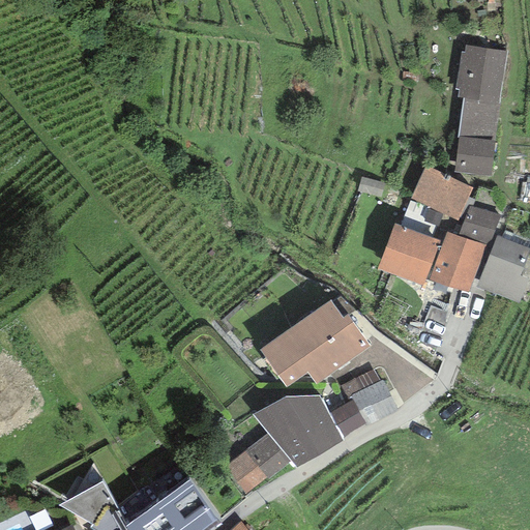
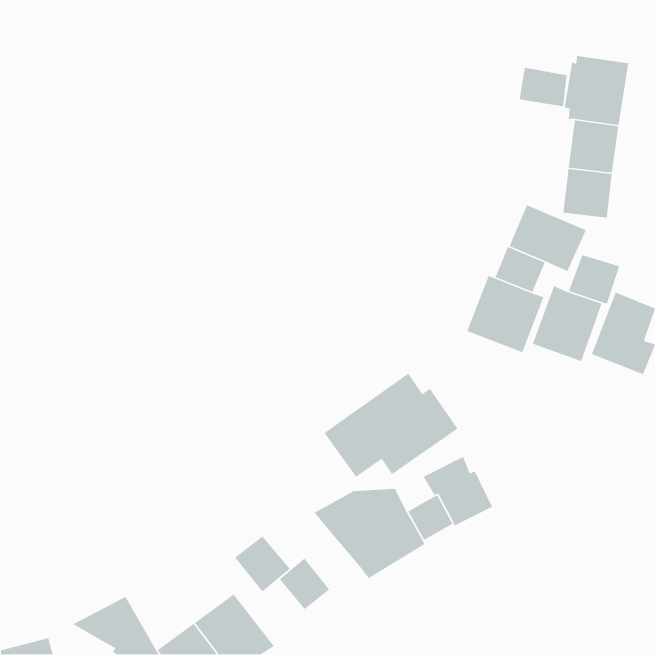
building: none -> [519,67,567,107]
building: [246,432,292,477] -> [234,536,291,592]

